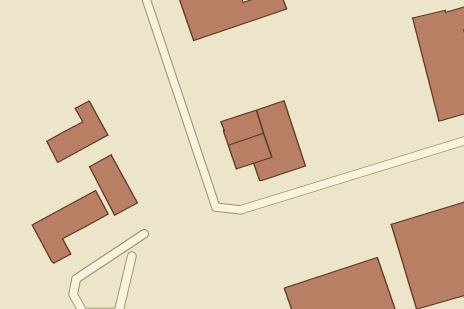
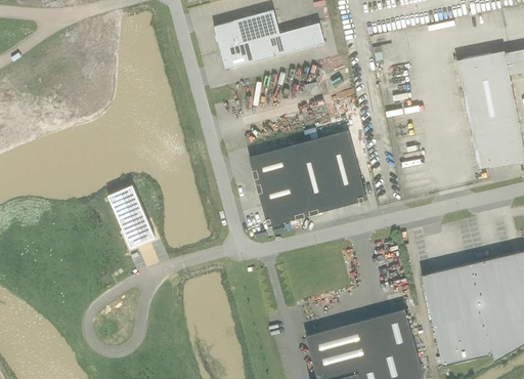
building: none -> [317,130,366,208]
building: [47,101,108,162] -> none
building: none -> [263,202,287,225]
building: [32,191,108,263] -> none

